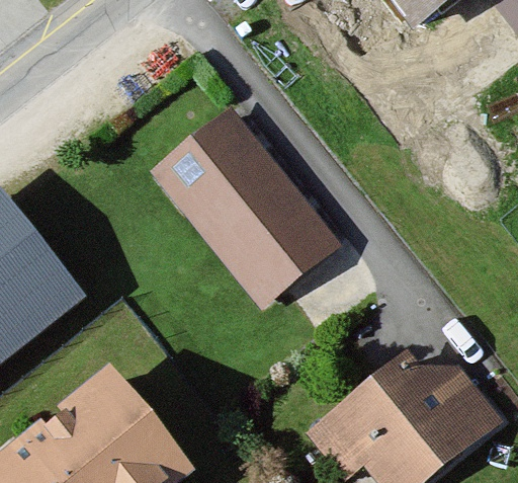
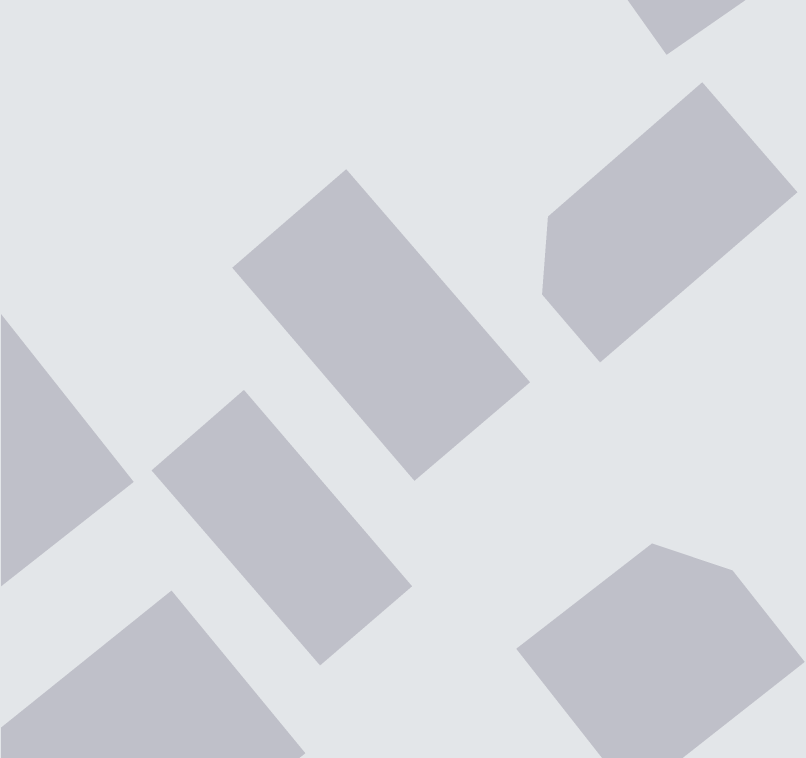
building: none -> [541,81,798,364]
building: none -> [151,389,413,667]

